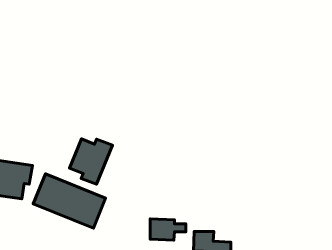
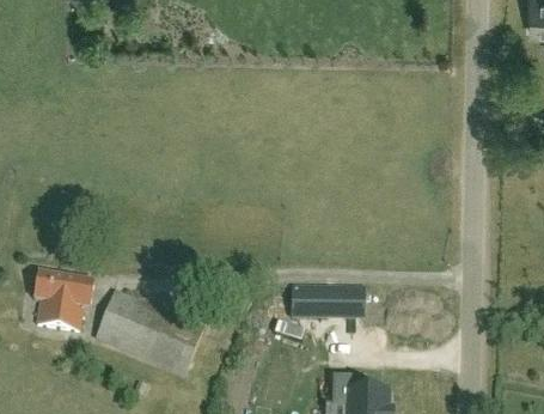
building: [69,139,112,184] -> none
building: [150,219,186,240] -> [293,287,346,318]

